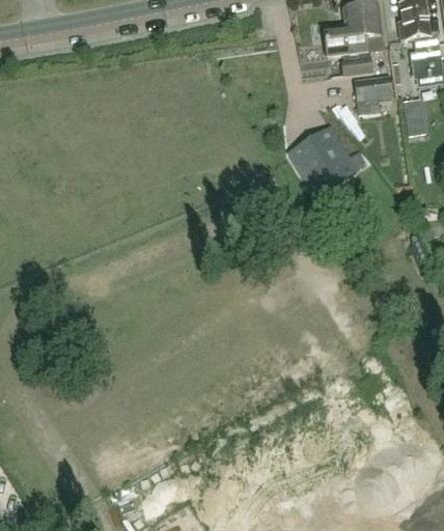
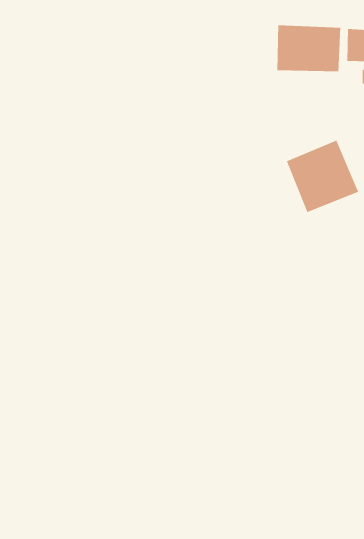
building: none -> [276,25,341,72]

